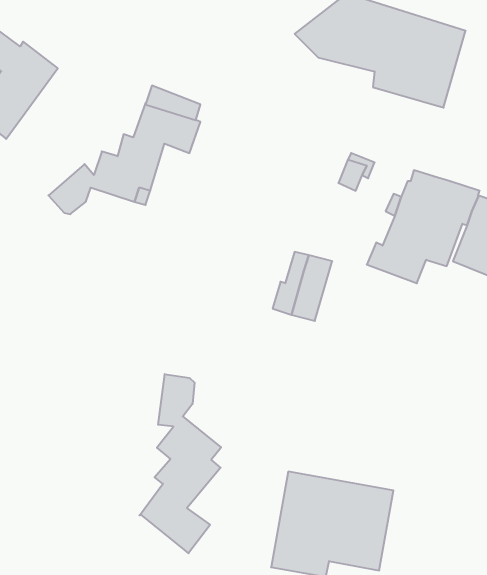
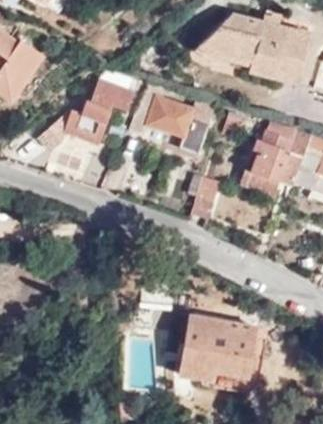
building: none -> [129,84,214,155]
building: [139,374,221,553] -> none

